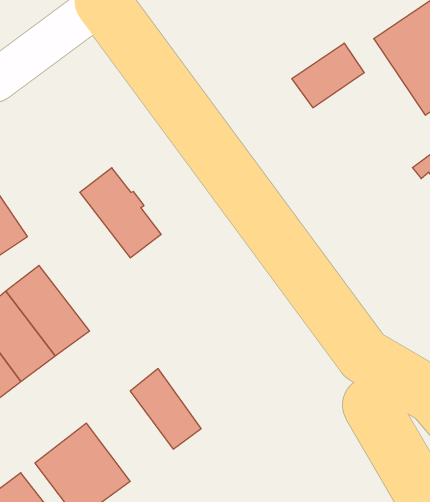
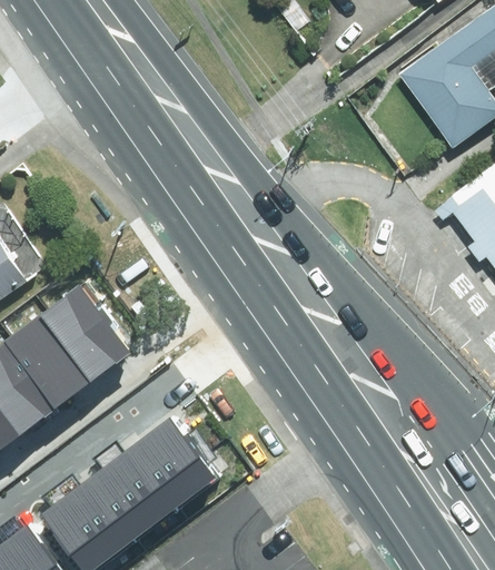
building: [292,43,364,108] -> none
building: [80,168,161,258] -> [46,284,130,377]
building: none -> [95,440,185,533]

